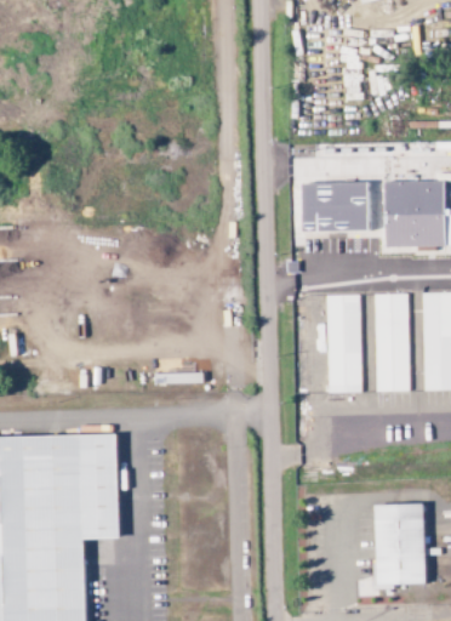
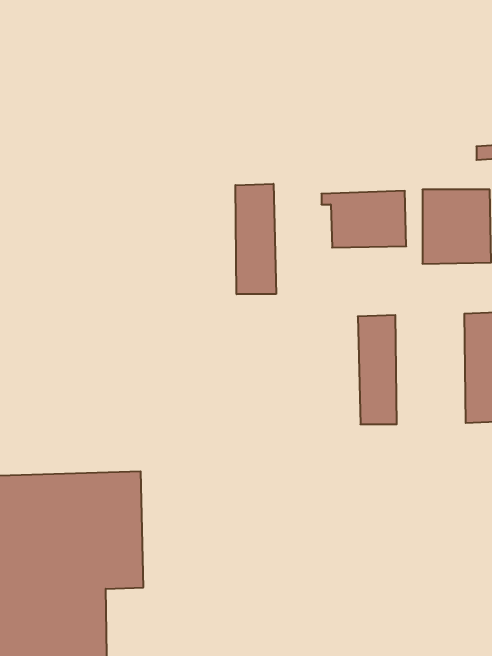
building: none -> [235,184,276,294]
building: [373,292,409,392] -> none
building: [373,503,426,587] -> none

